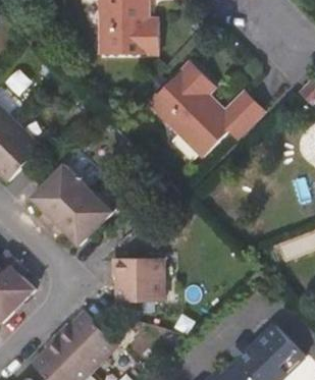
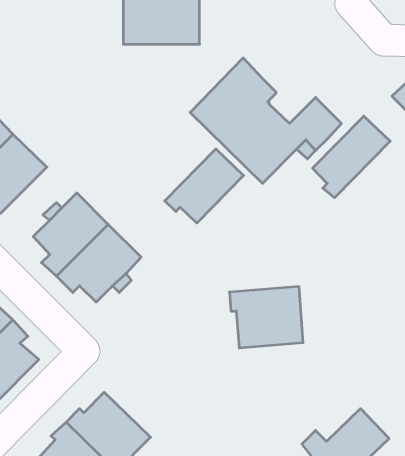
building: none -> [313,116,390,198]
building: none -> [165,149,244,223]
building: [114,256,169,302] -> [229,287,303,348]

